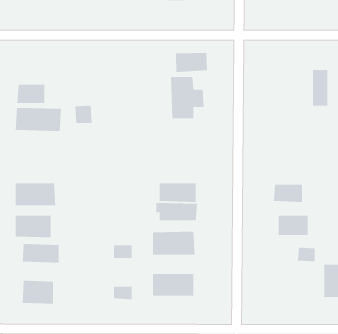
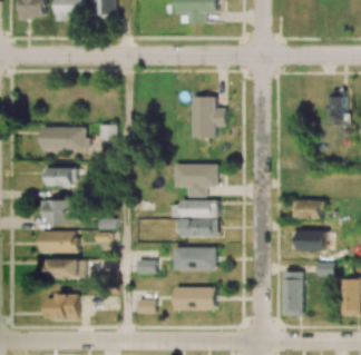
building: [175,52,207,73] -> none
building: [17,84,45,104] -> [47,167,75,186]
building: none -> [175,164,217,197]
building: none -> [282,270,302,315]

